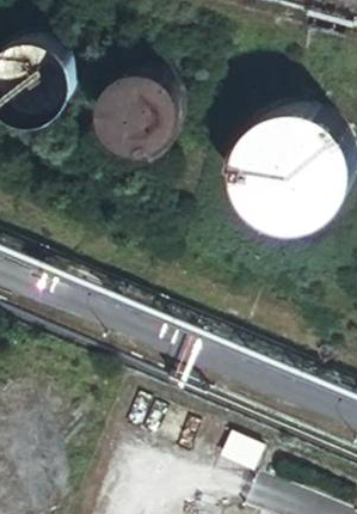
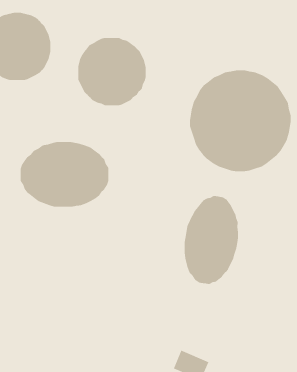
building: none -> [20,141,109,208]
building: none -> [184,195,239,285]

